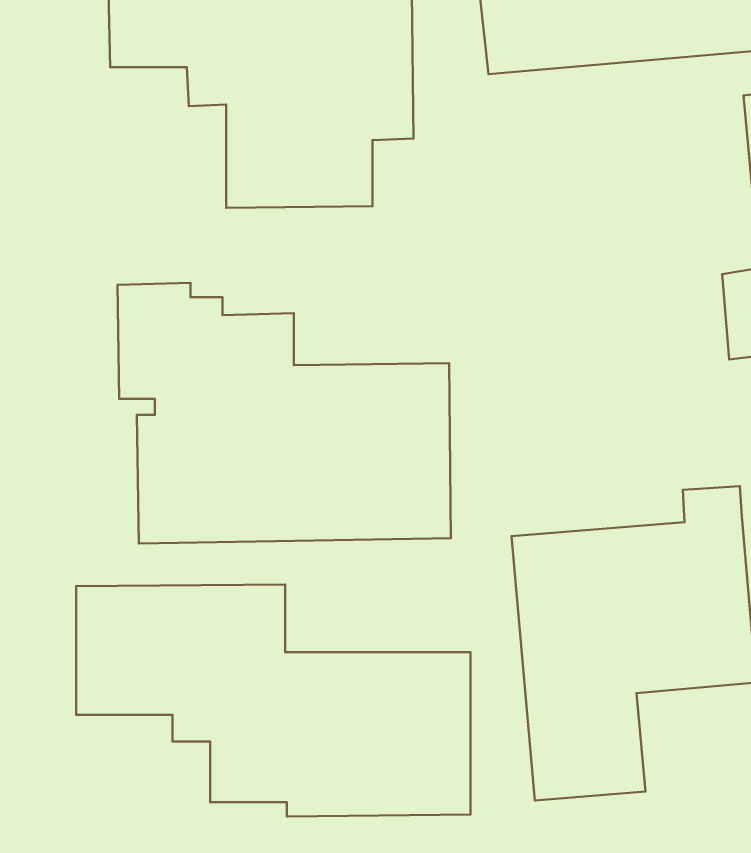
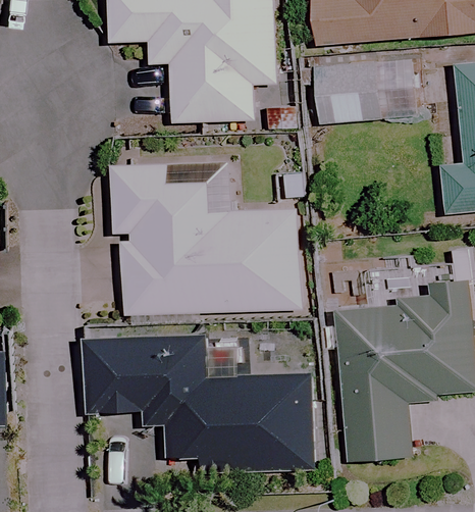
building: none -> [312,61,383,122]

